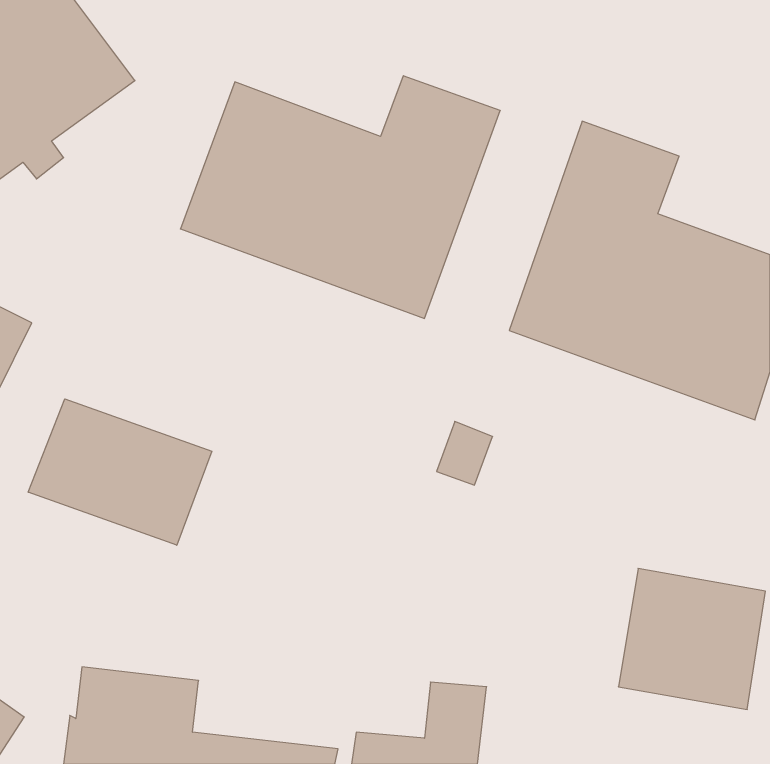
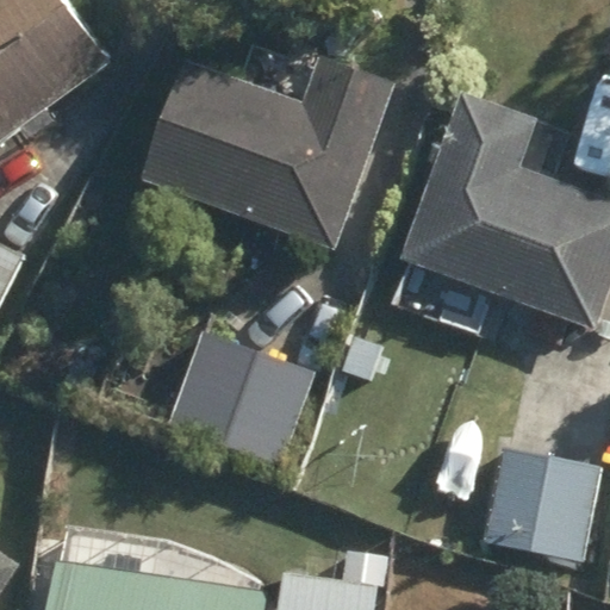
building: [28,399,212,545] -> none
building: none -> [170,331,317,466]

